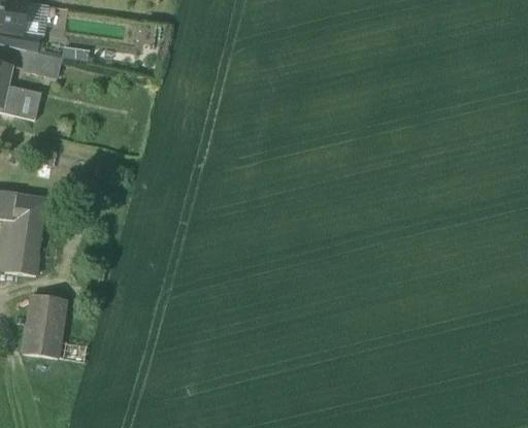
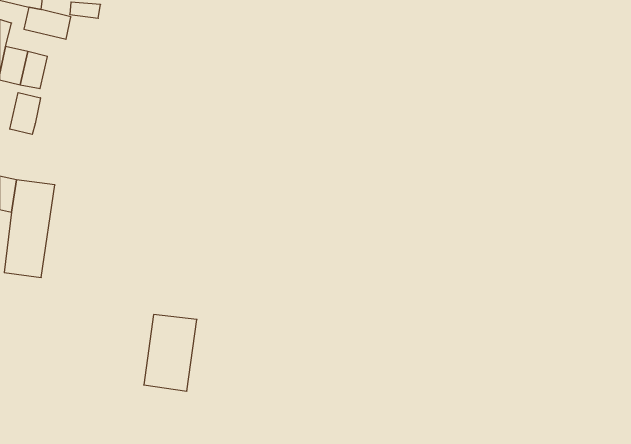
building: none -> [10,93,40,134]
building: [21,294,65,358] -> [144,315,197,391]

